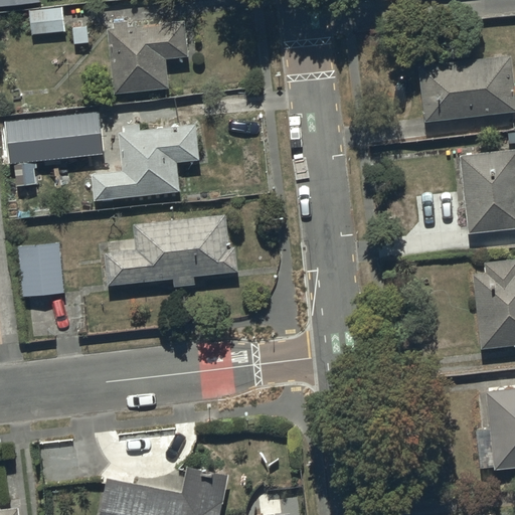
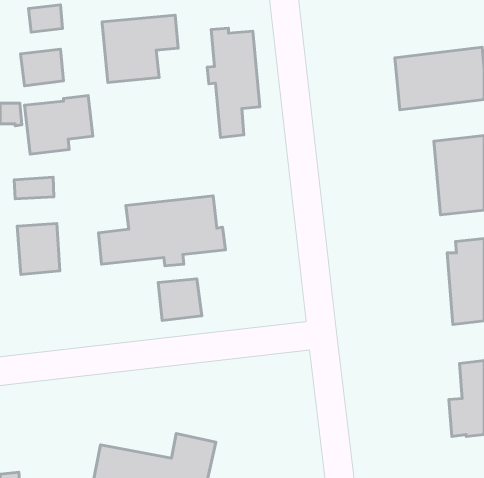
building: none -> [207,28,260,137]
building: none -> [20,49,64,86]
building: [93,125,200,201] -> none
building: none -> [158,279,202,321]

